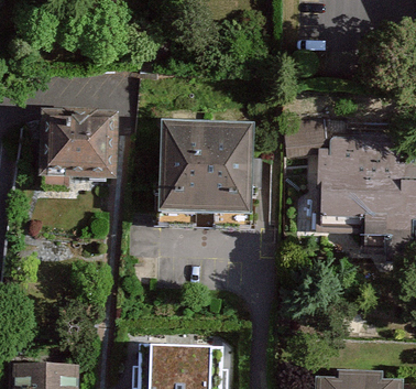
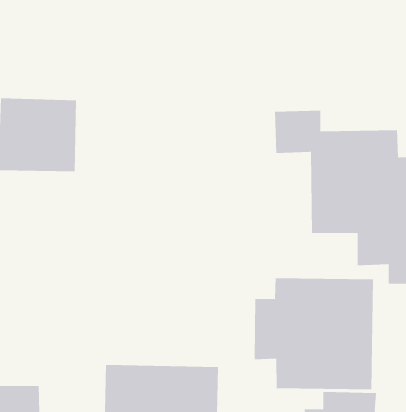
building: [158,118,252,212] -> none
building: none -> [254,277,374,390]

